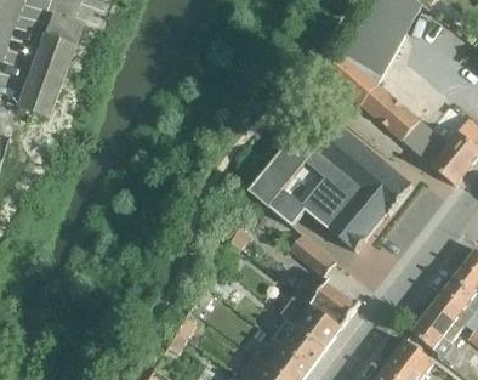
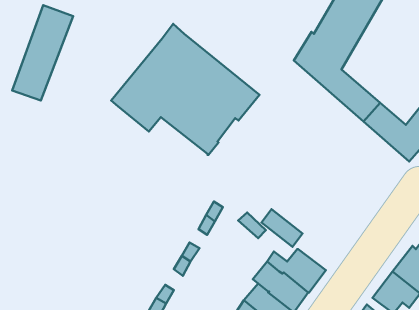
building: [249,108,411,251] -> [111,24,260,155]

